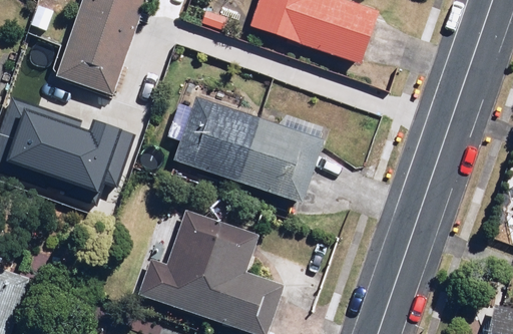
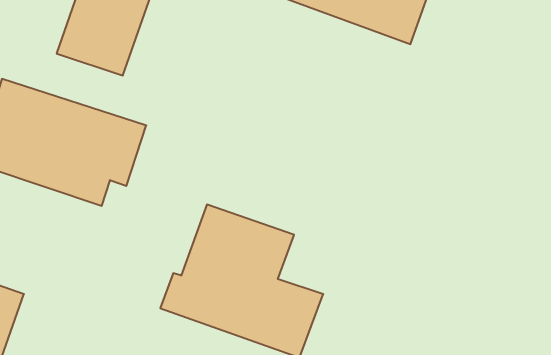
building: [171,92,328,206] -> none

